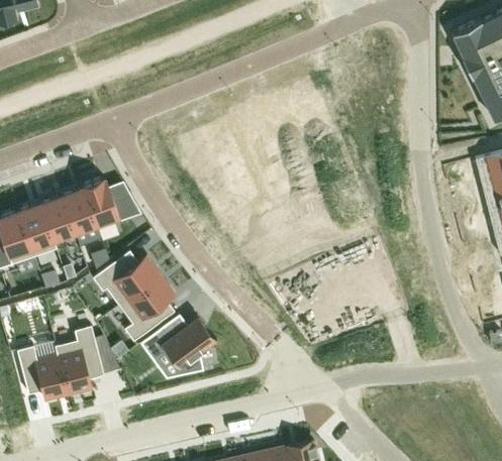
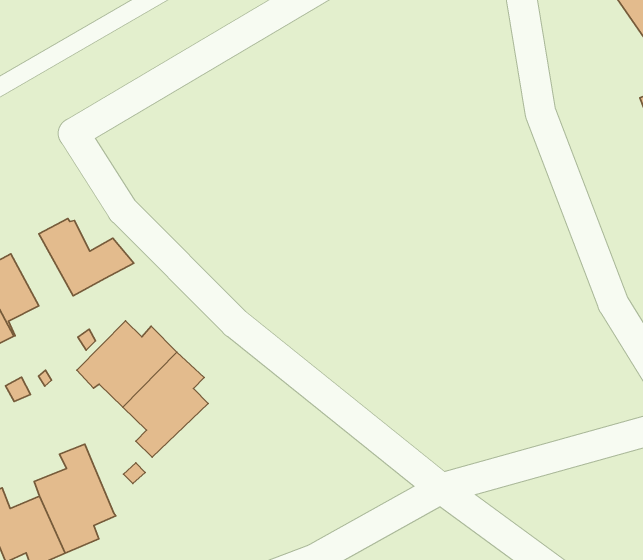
building: [62,185,98,231] -> none
building: [140,317,217,373] -> none
building: [94,334,120,372] -> none

